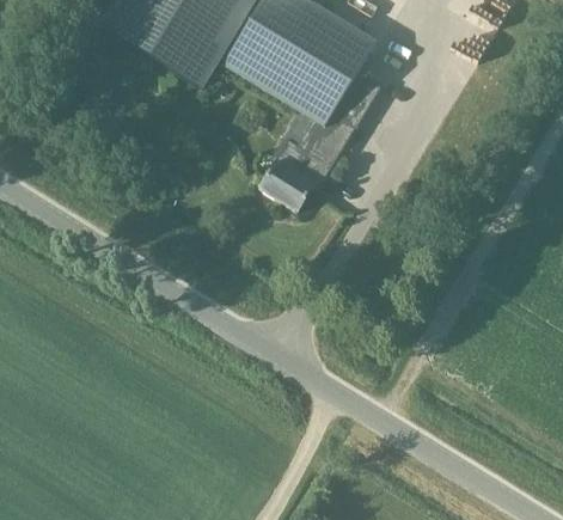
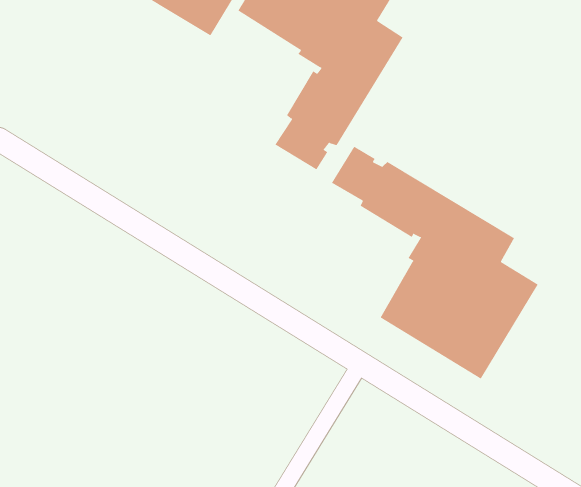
building: none -> [331,146,539,380]

